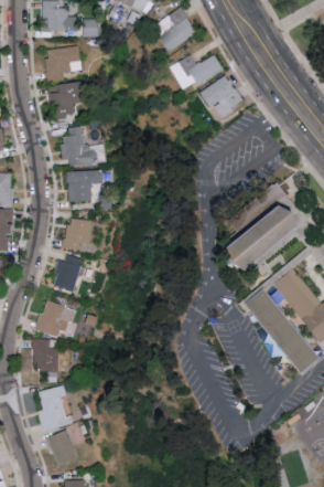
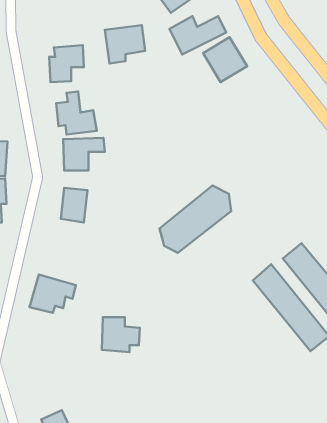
building: [42,45,80,82] -> [105,25,145,63]
building: [231,205,300,269] -> [159,186,231,253]
building: [52,253,82,292] -> none
building: [32,339,68,372] -> [102,317,140,352]
building: [36,385,68,431] -> none

